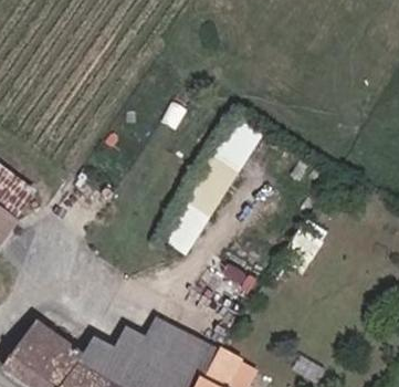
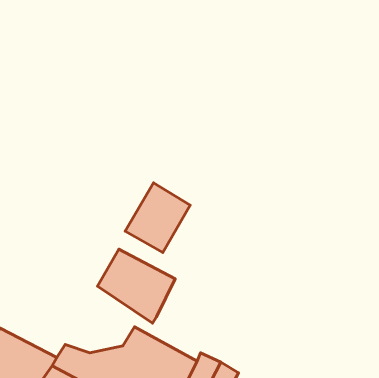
building: none -> [97,249,175,323]

